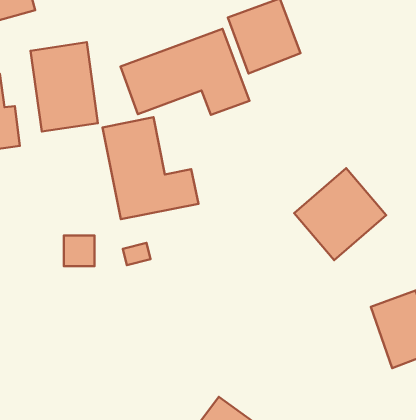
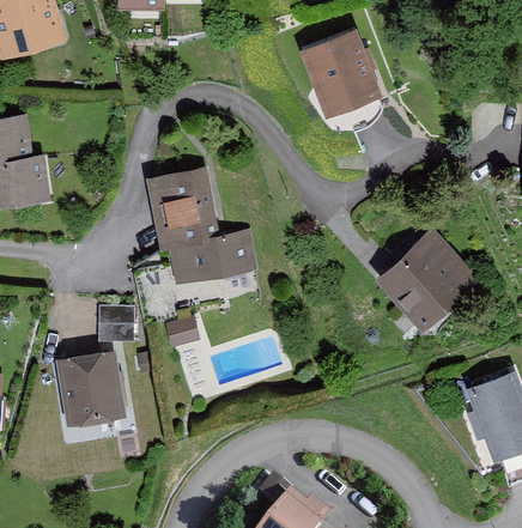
building: [120,29,249,115] -> none
building: [31,42,98,132] -> none
building: none -> [55,350,126,427]

